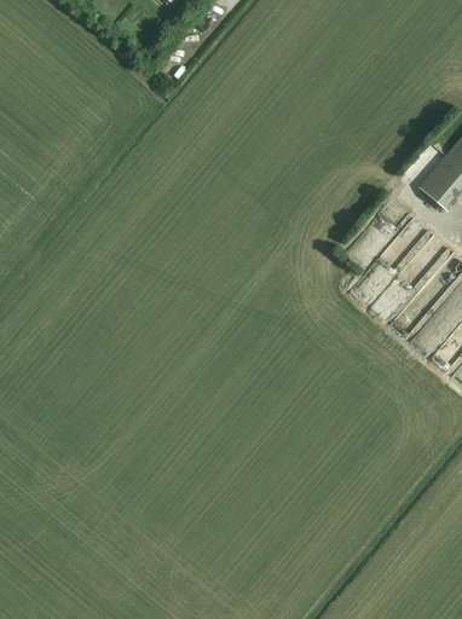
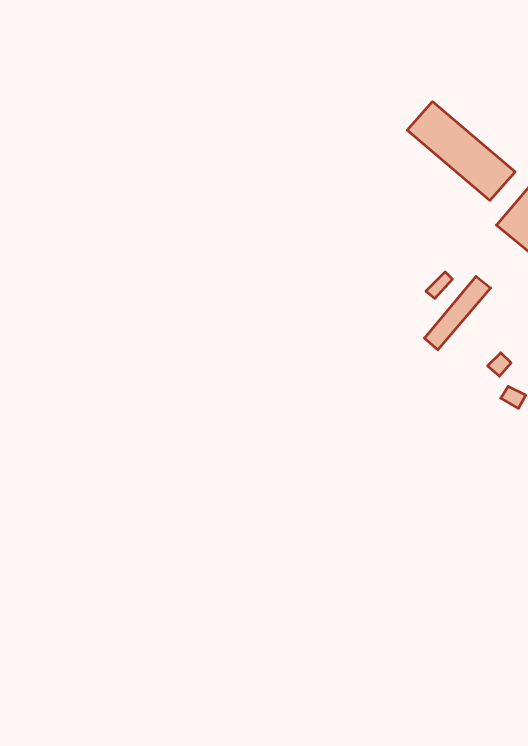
building: none -> [407,102,515,200]

